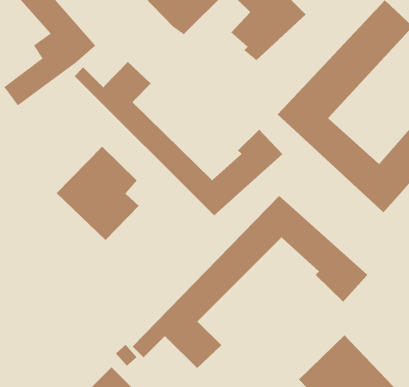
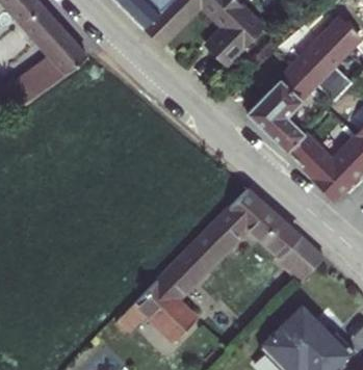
building: [74,61,283,216] -> none
building: [56,146,140,241] -> none

